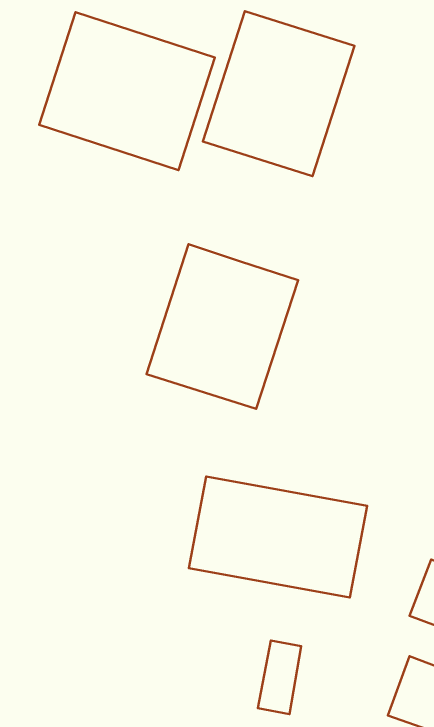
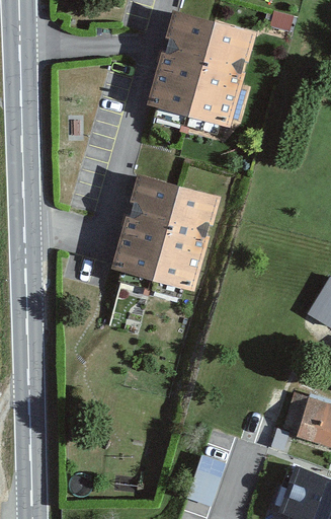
building: [39,12,215,170] -> none
building: [189,477,367,597] -> none

